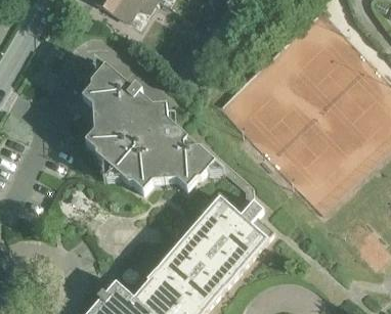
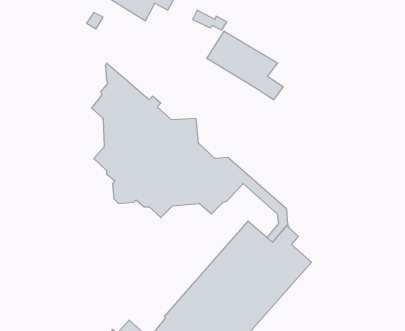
building: none -> [207,31,283,100]

